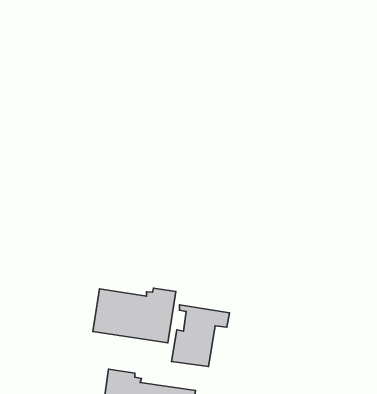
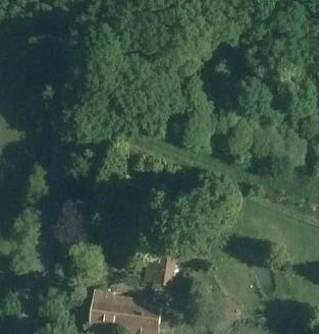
building: [93,288,176,343] -> none

